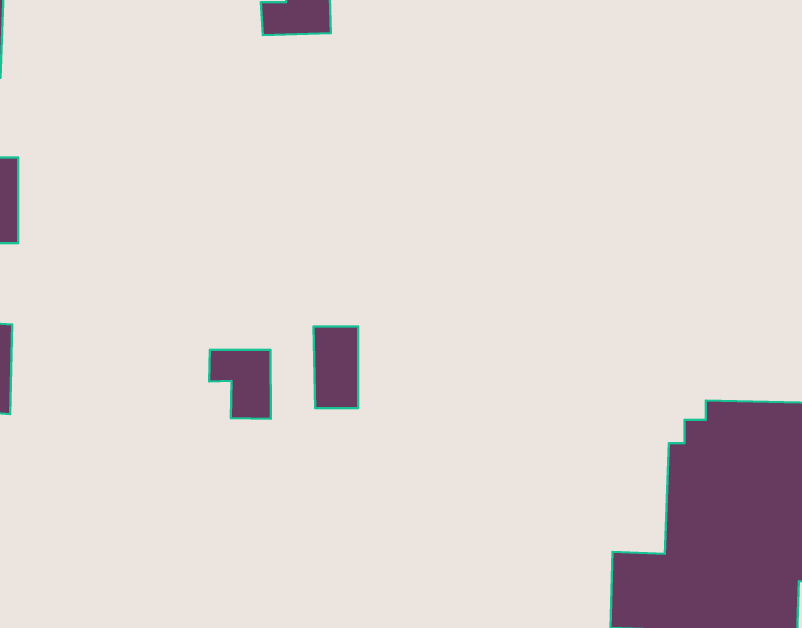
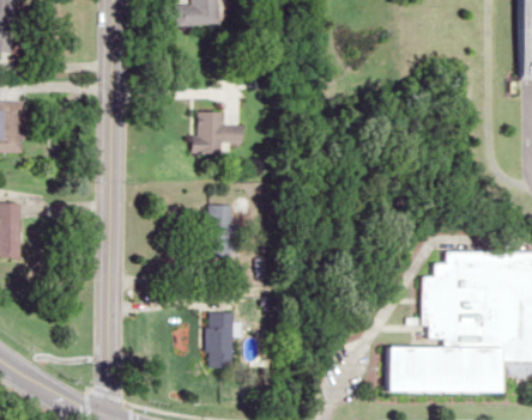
building: none -> [194,111,242,153]
building: [209,350,271,419] -> none
building: none -> [204,312,230,365]

